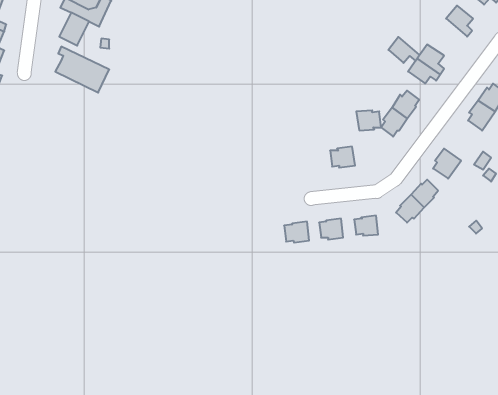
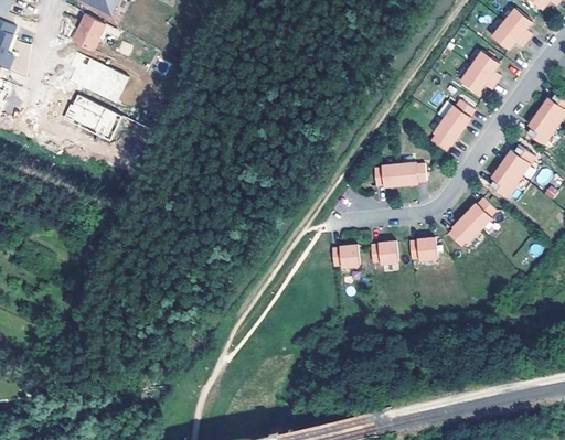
building: [388,37,419,63] -> [490,21,524,50]
building: none -> [64,95,122,141]
building: [356,110,381,130] -> [397,161,425,183]
building: none -> [499,146,532,178]

